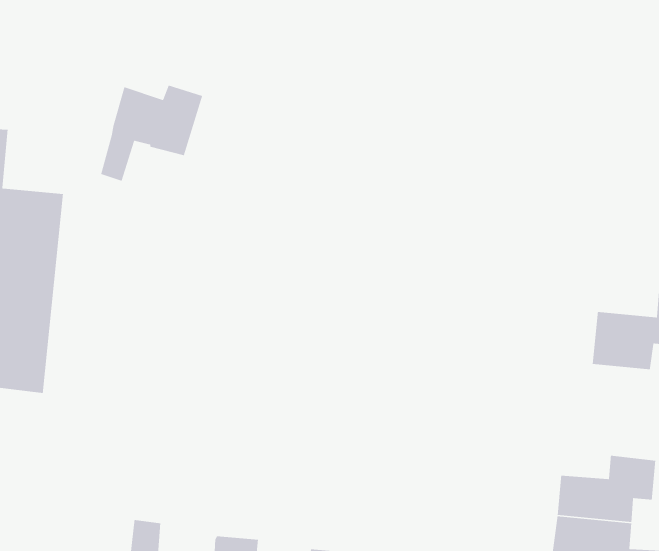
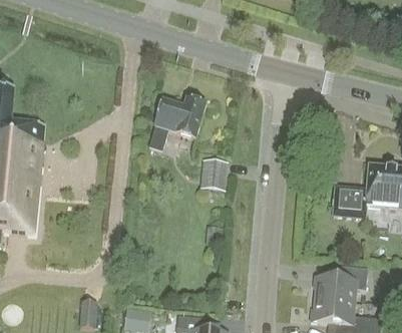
building: [100,84,203,182] -> [149,98,206,151]
building: none -> [204,159,227,190]

